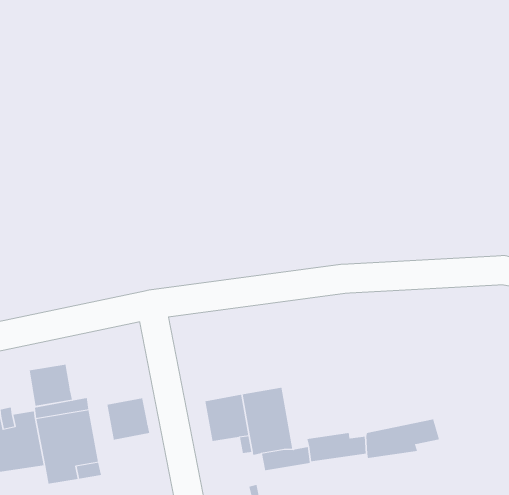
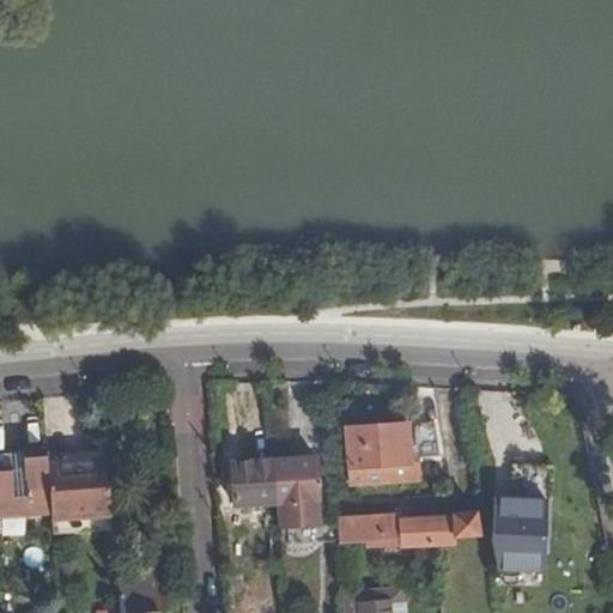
building: none -> [347,426,419,482]
building: [29,364,73,406] -> none
building: [107,398,150,440] -> none
building: none -> [492,499,546,572]

